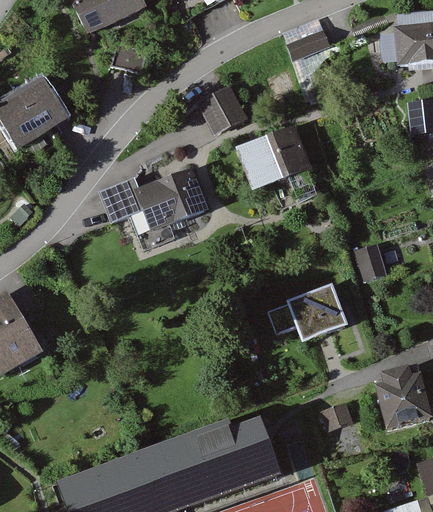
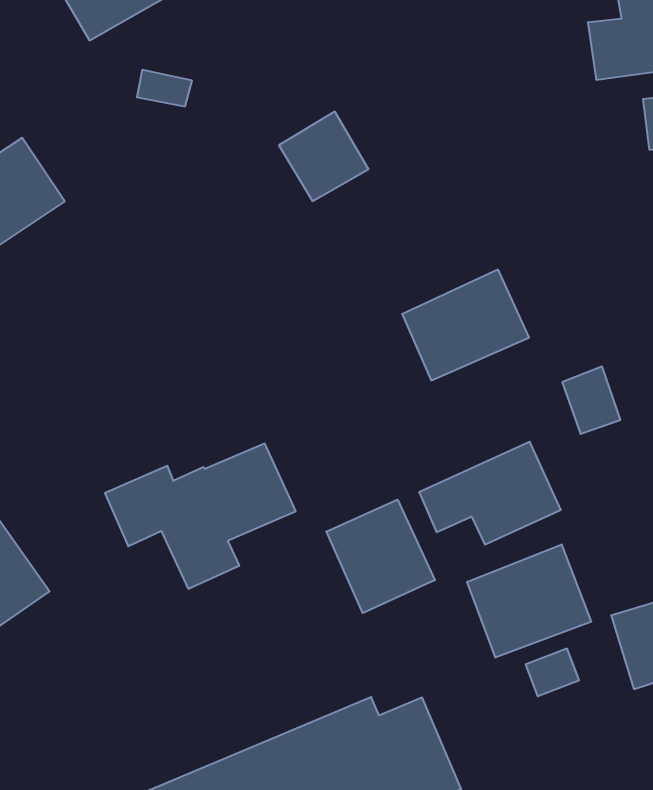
building: [287,30,332,65] -> none
building: [238,129,312,192] -> [402,270,529,380]
building: [96,162,208,245] -> [105,443,296,589]
building: none -> [326,500,435,613]
building: none -> [467,544,591,658]

